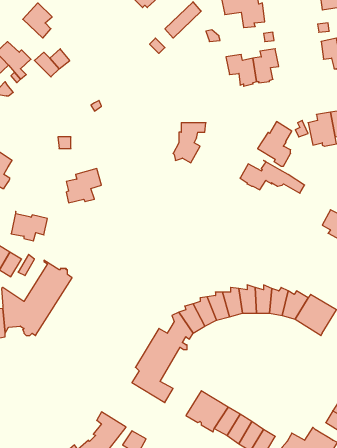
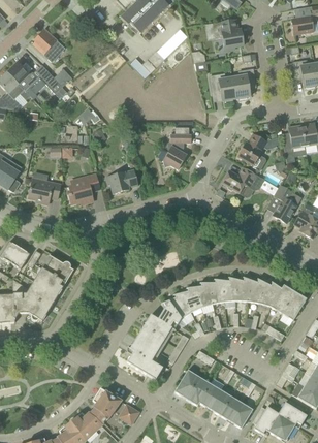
building: none -> [105,168,137,193]
building: none -> [272,184,301,223]
building: [11,211,47,241] -> [28,178,60,203]

